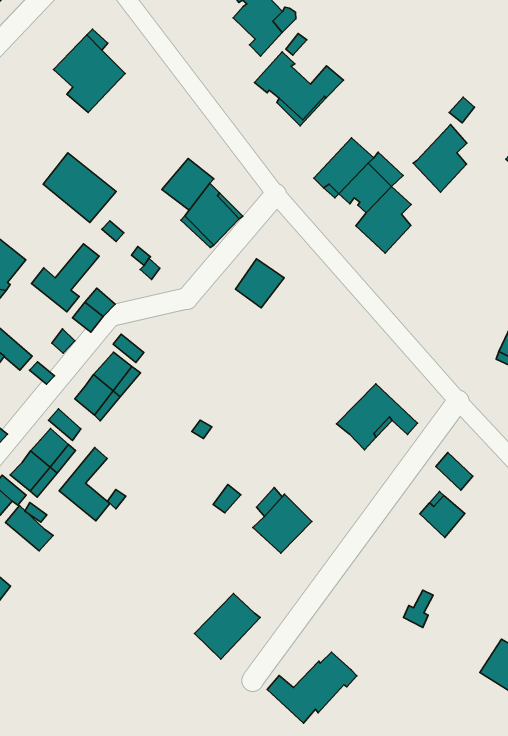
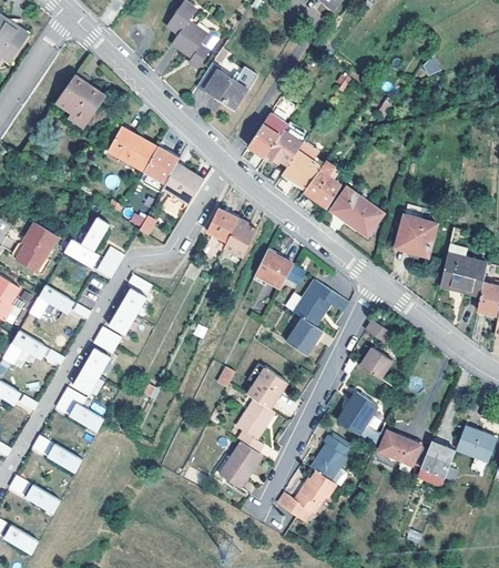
building: [413,124,467,192] -> [303,161,339,209]
building: [43,153,116,223] -> [108,126,159,172]
building: none -> [330,189,381,235]
building: none -> [224,219,254,257]
building: none -> [254,251,292,287]
building: none -> [286,318,322,355]
building: [59,448,110,521] -> none
building: none -> [235,398,273,453]
building: none -> [336,392,376,435]
building: none -> [309,435,347,480]
building: none -> [376,430,419,464]

